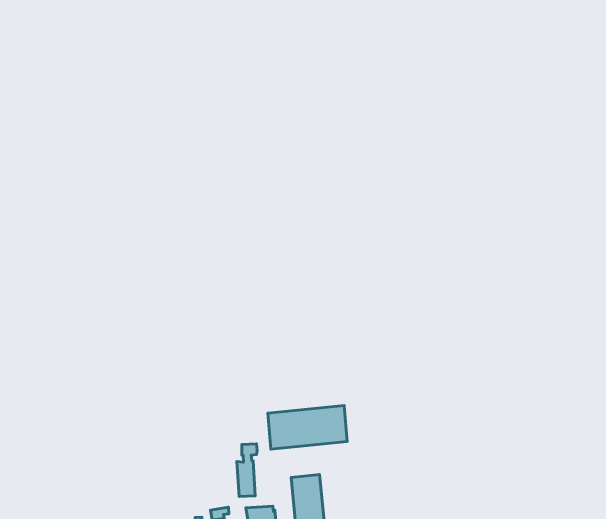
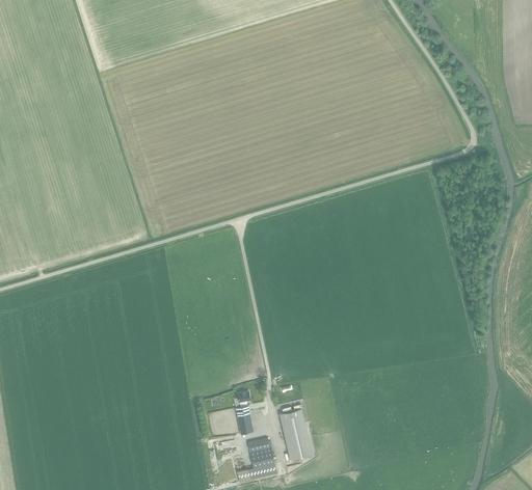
building: [268,406,347,449] -> none

